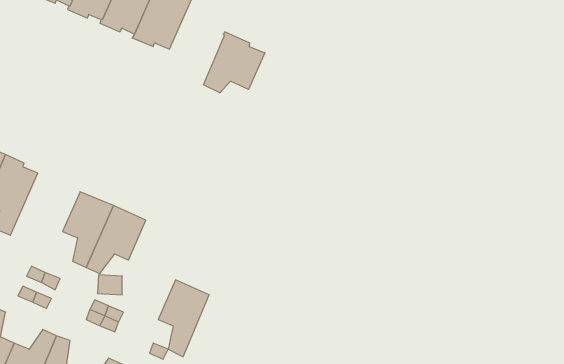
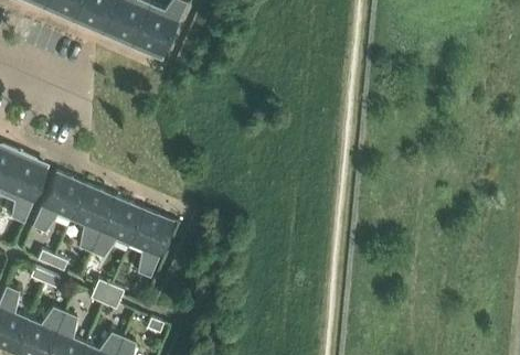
building: [204,32,265,93] -> none
building: none -> [32,171,85,232]
building: [158,280,209,357] -> [128,209,173,278]

